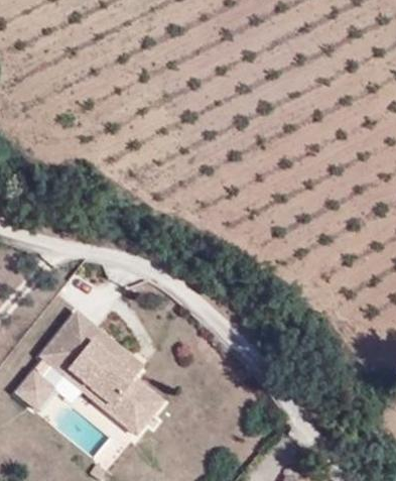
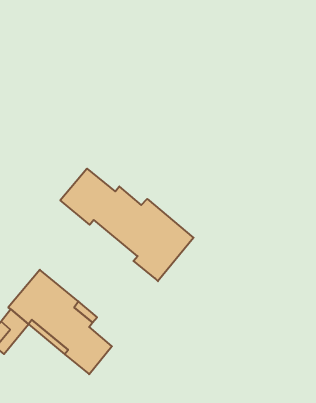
building: none -> [60,169,194,281]

